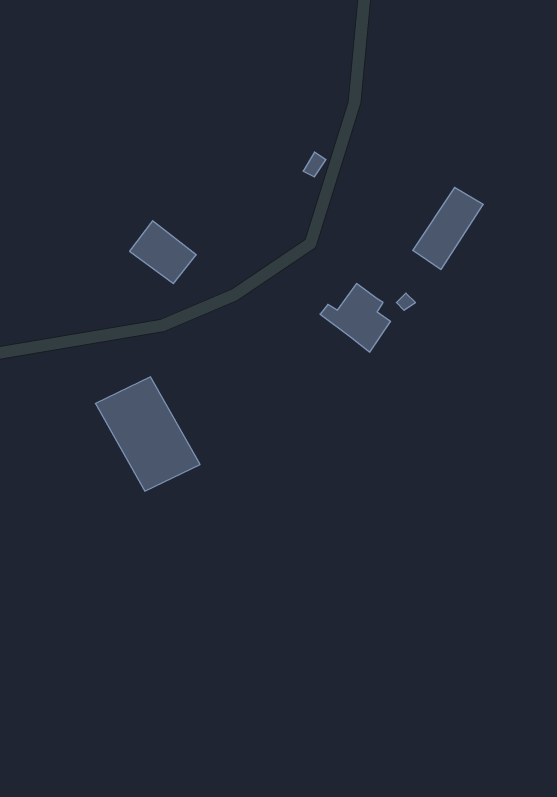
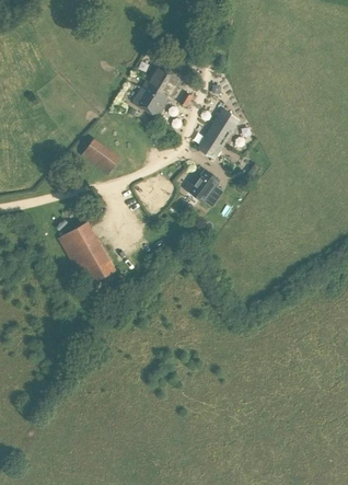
building: none -> [134,60,184,116]
building: [413,187,483,269] -> [196,113,236,160]

